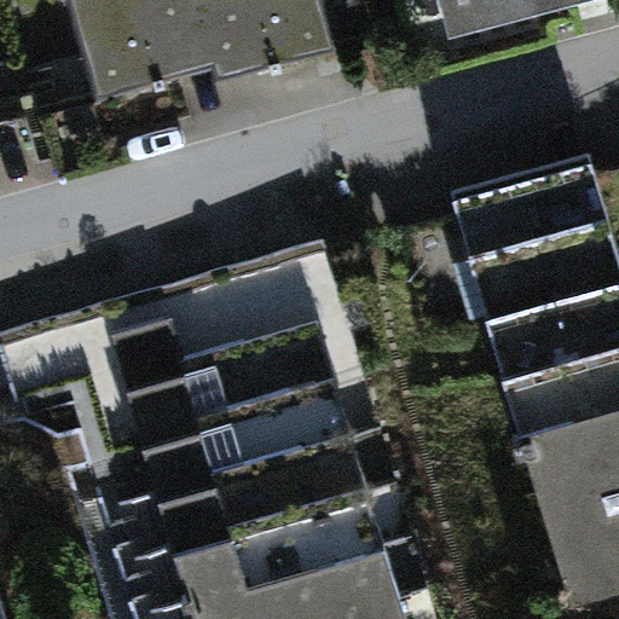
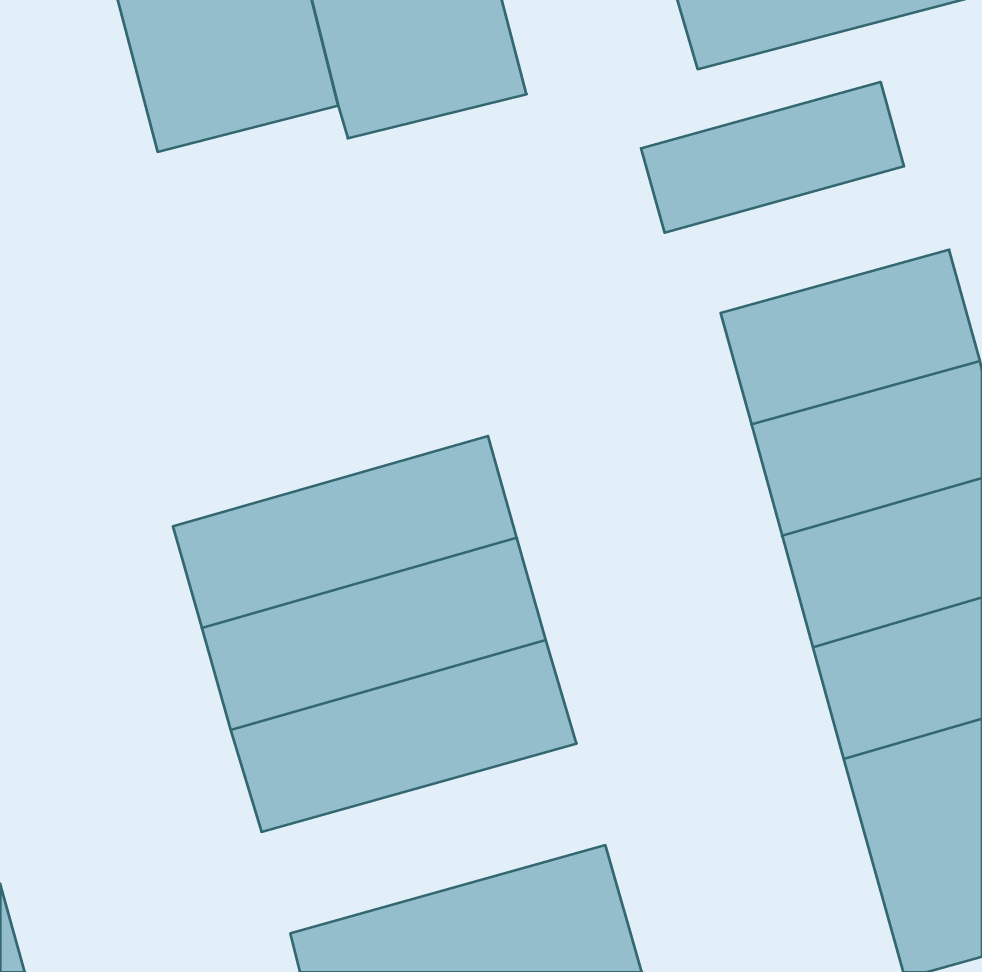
building: none -> [641,82,904,233]
building: [164,468,381,588] -> none

